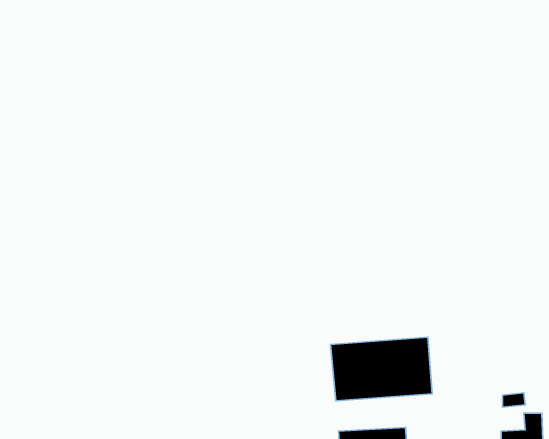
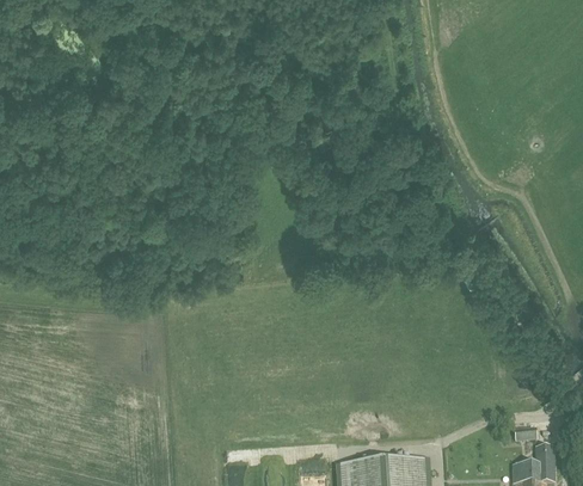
building: [330,337,432,401] -> none

